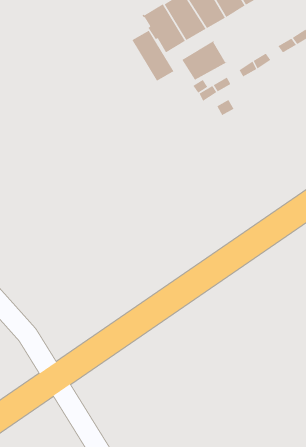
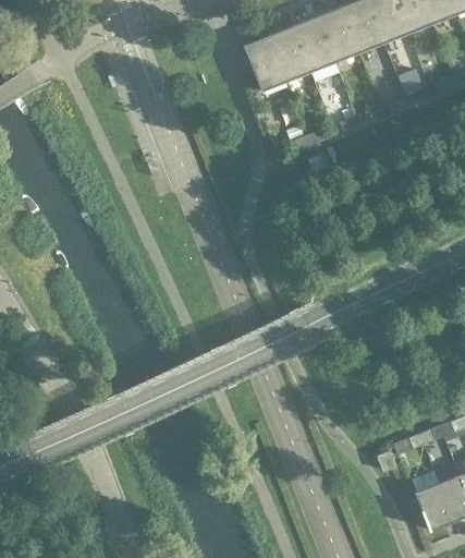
building: [131,29,174,82] -> none
building: [182,40,228,81] -> none

